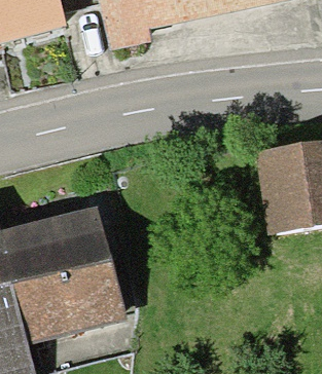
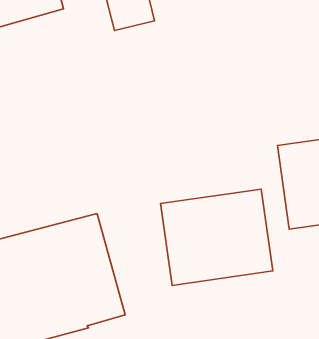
building: none -> [160,189,273,285]

